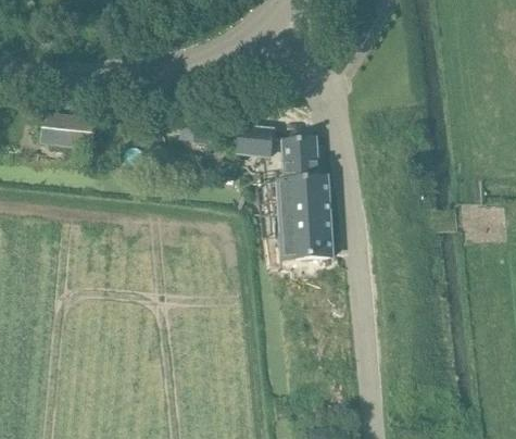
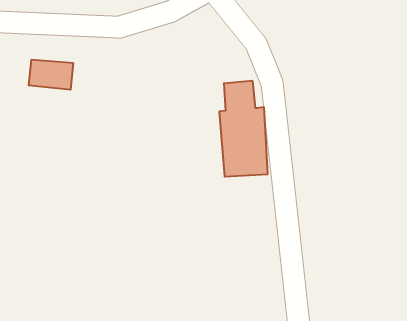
building: [236,126,273,155] -> none

